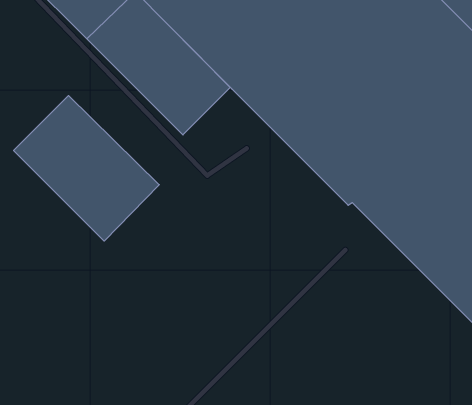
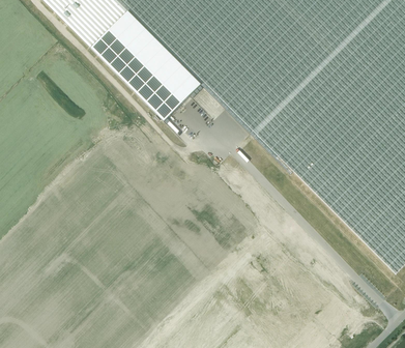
building: [14,96,159,241] -> none

